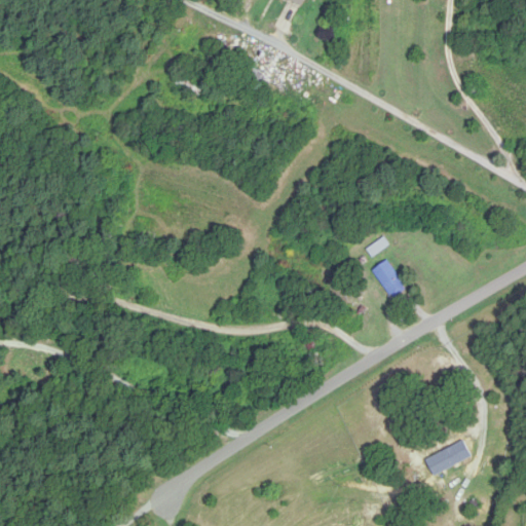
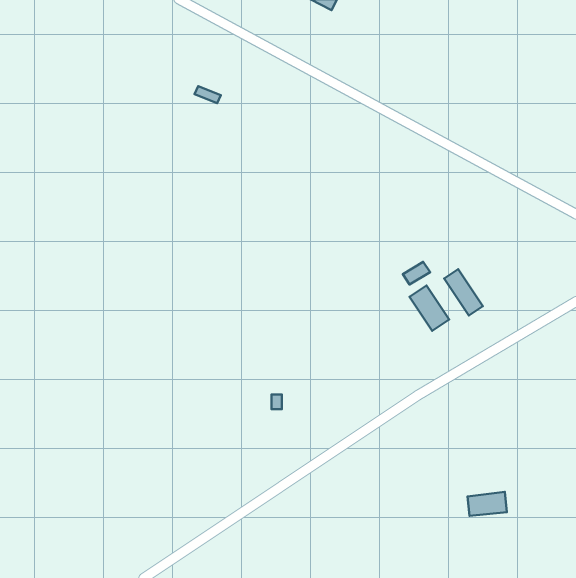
building: none -> [444,269,483,316]

